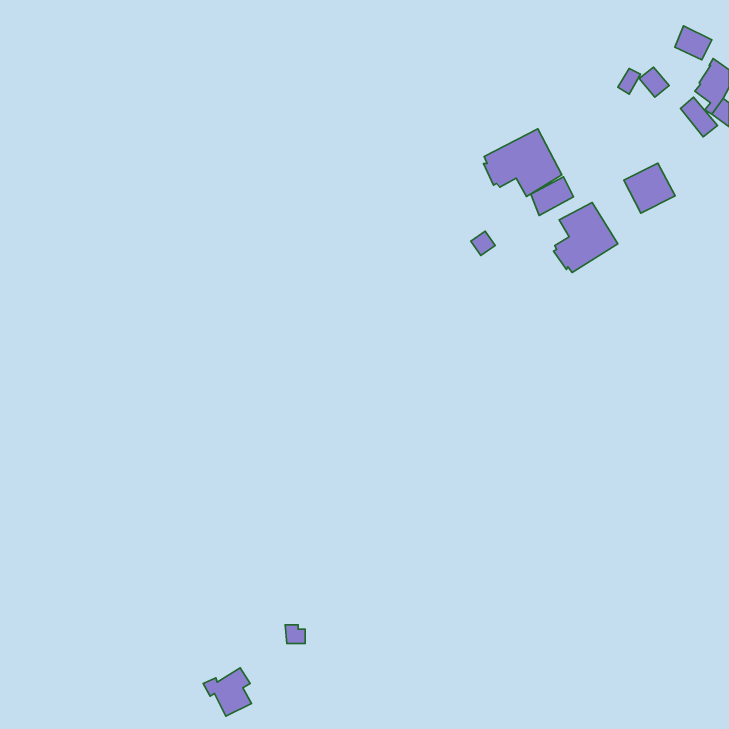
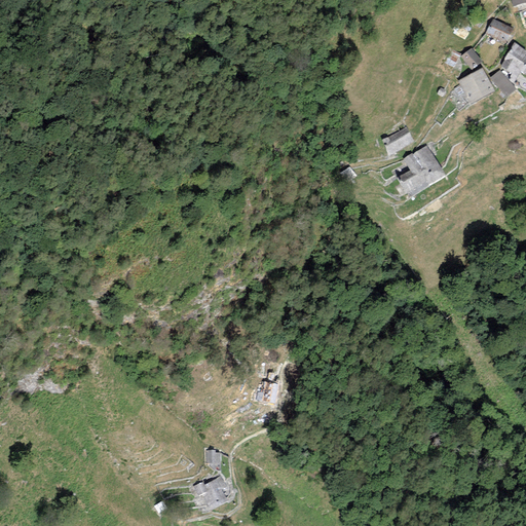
building: [484,129,562,197] -> none
building: [624,163,675,213] -> [457,68,494,104]
building: [203,668,252,716] -> [193,476,228,511]

